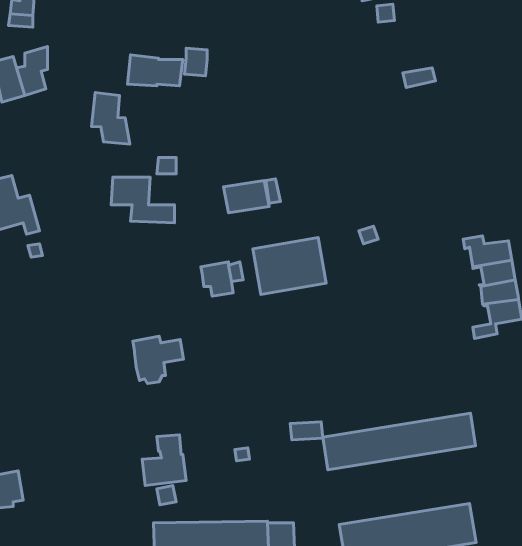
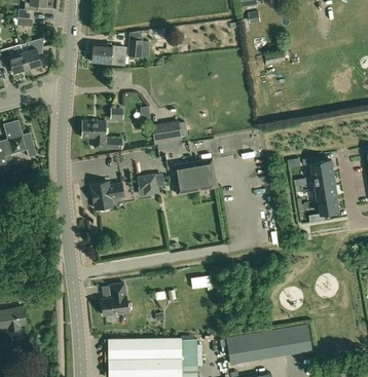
building: [92,93,130,144] -> none
building: [133,336,184,384] -> [91,182,123,212]
building: [323,413,475,470] -> none

